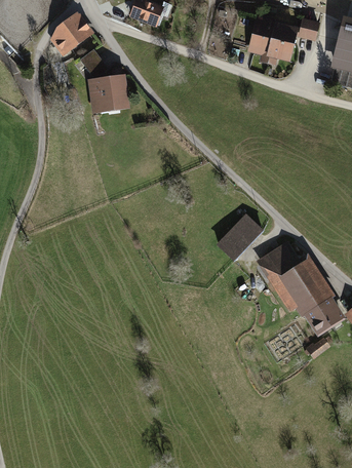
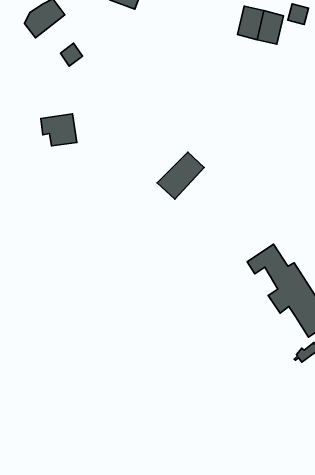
building: [91,78,125,108] -> [41,114,77,146]
building: [218,216,262,260] -> [157,152,204,199]

